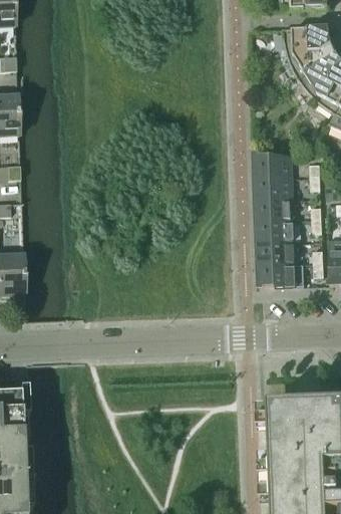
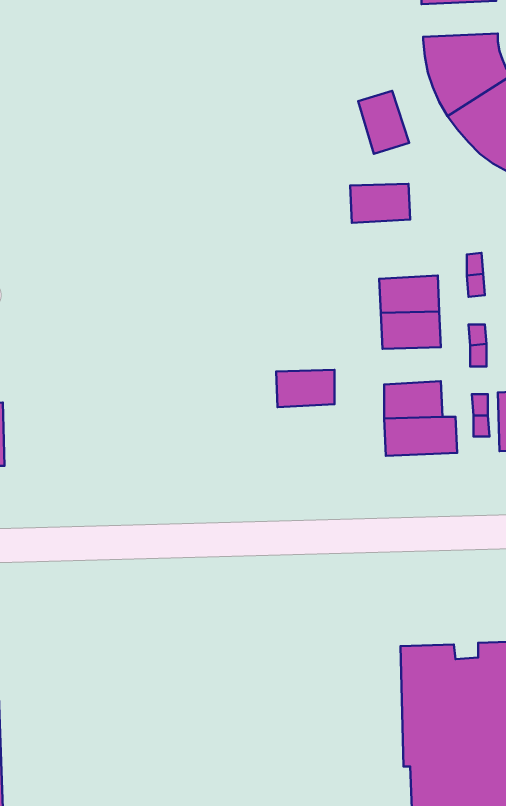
building: none -> [358,91,409,154]
building: [255,154,292,178] -> [350,184,410,223]
building: [258,220,294,243] -> [276,370,334,407]

